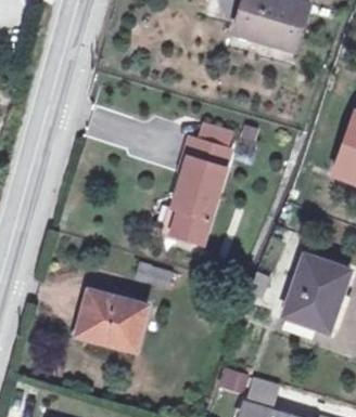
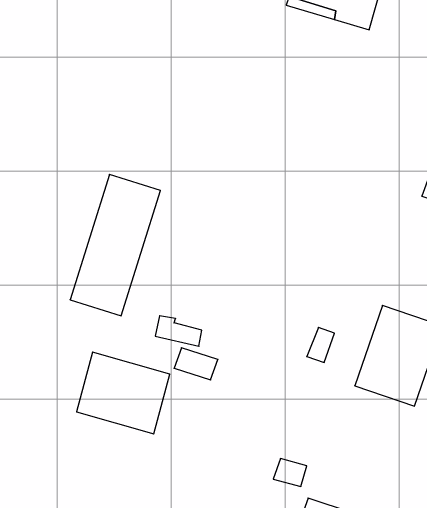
building: [162,138,229,243] -> [70,174,160,316]

